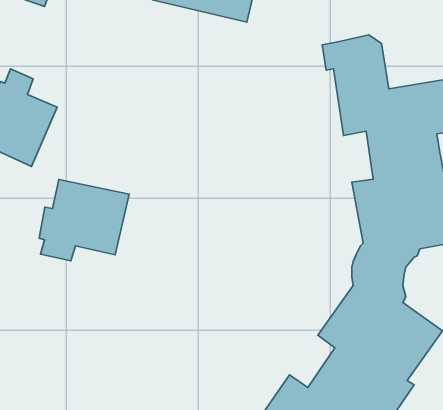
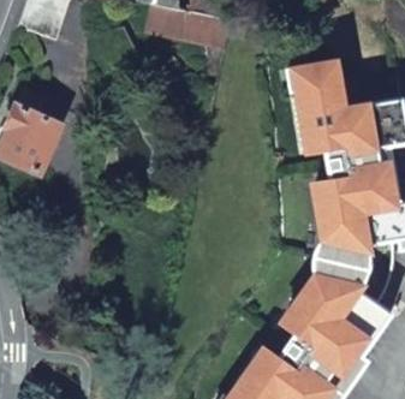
building: [39,179,129,261] -> none

